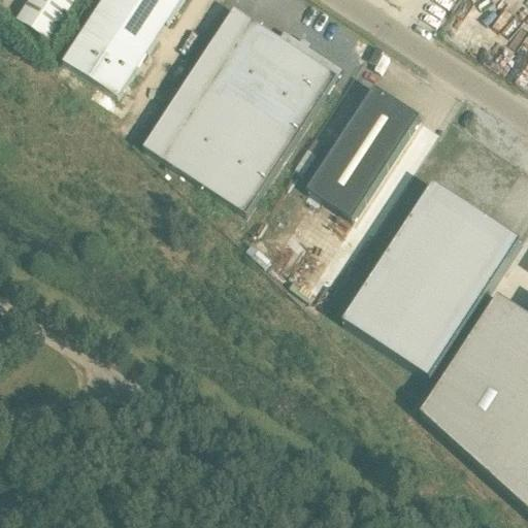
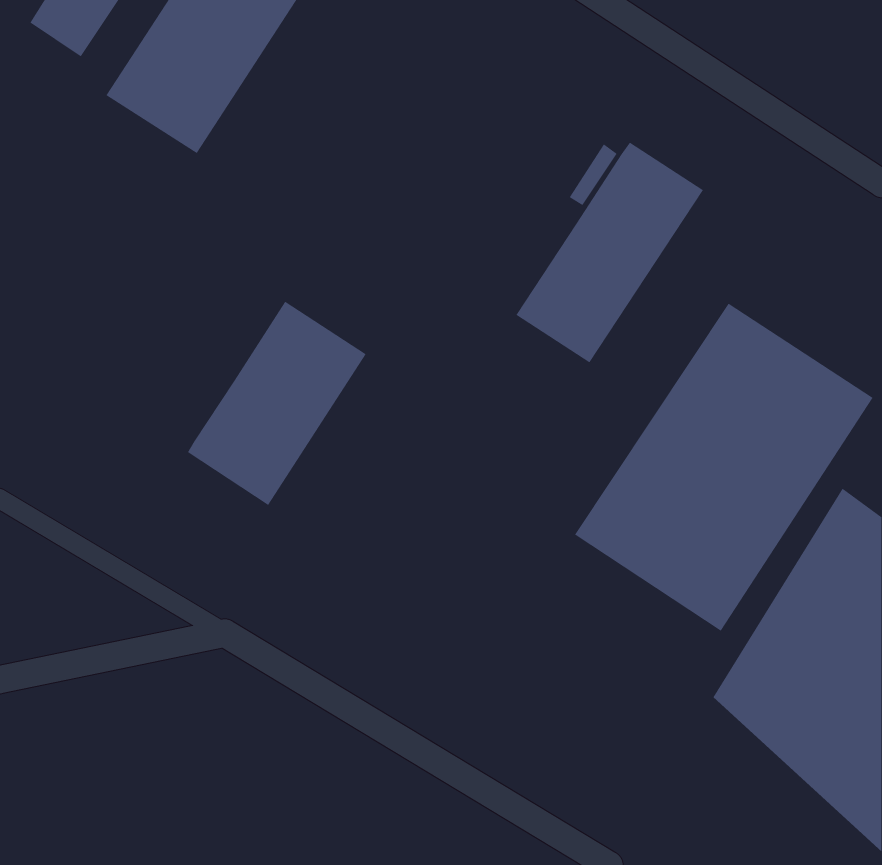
building: [145,5,343,211] -> none
building: none -> [187,301,366,506]

